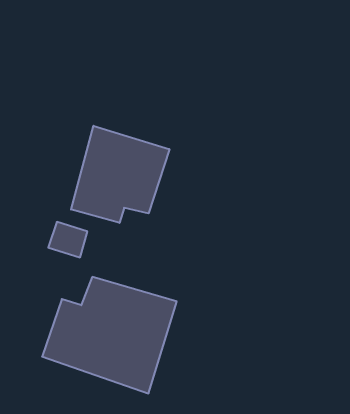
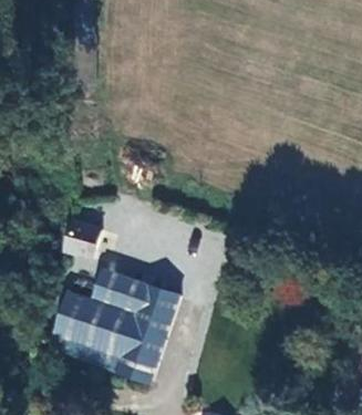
building: [71,126,169,223] -> none

